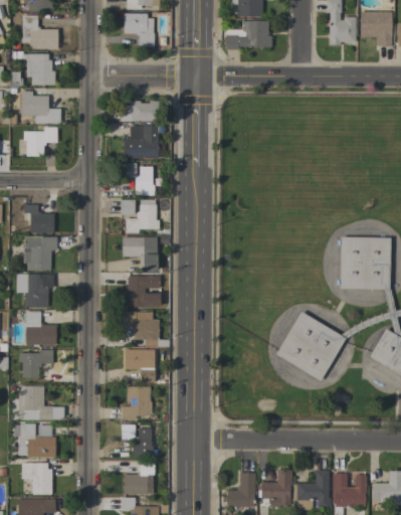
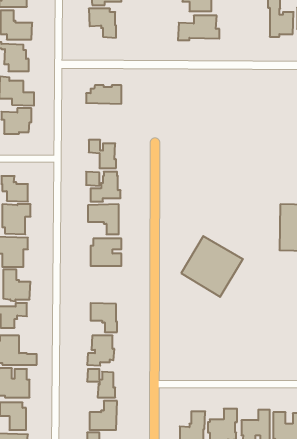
building: [124,125,159,158] -> none
building: [124,311,160,346] -> none
building: [276,312,347,381] -> [181,236,243,297]

